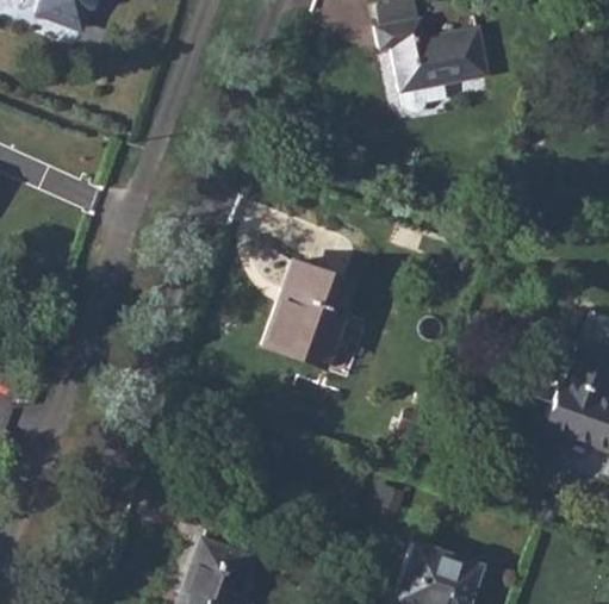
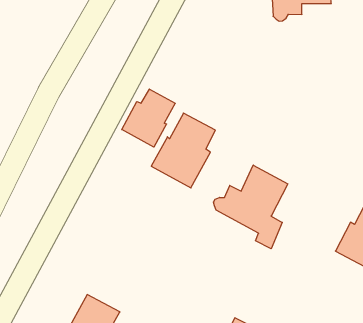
building: none -> [122,89,175,147]
building: none -> [213,165,288,249]

